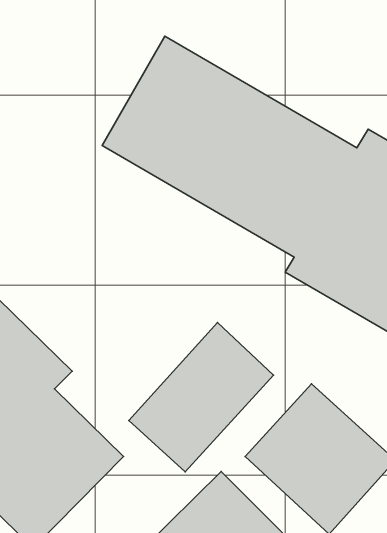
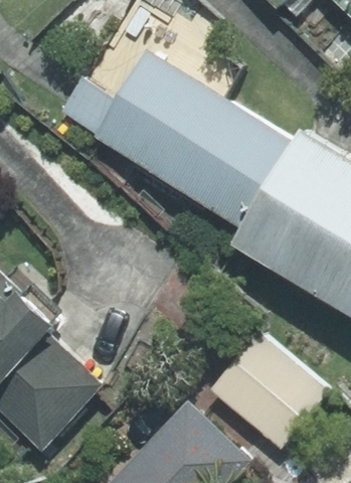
building: [129,323,273,472] -> none

